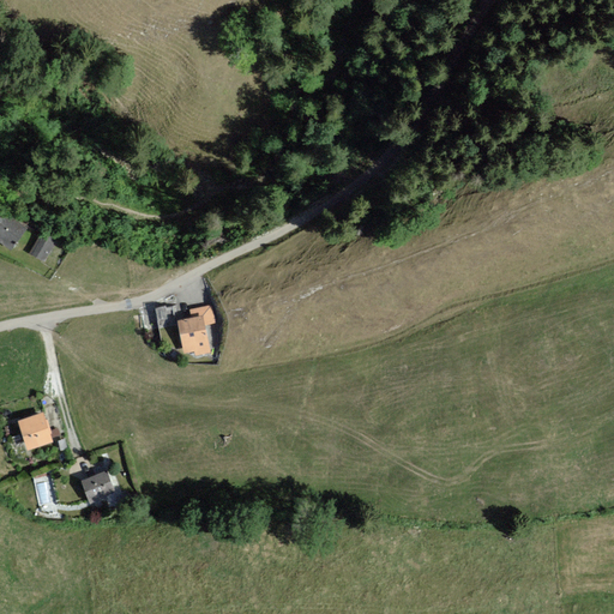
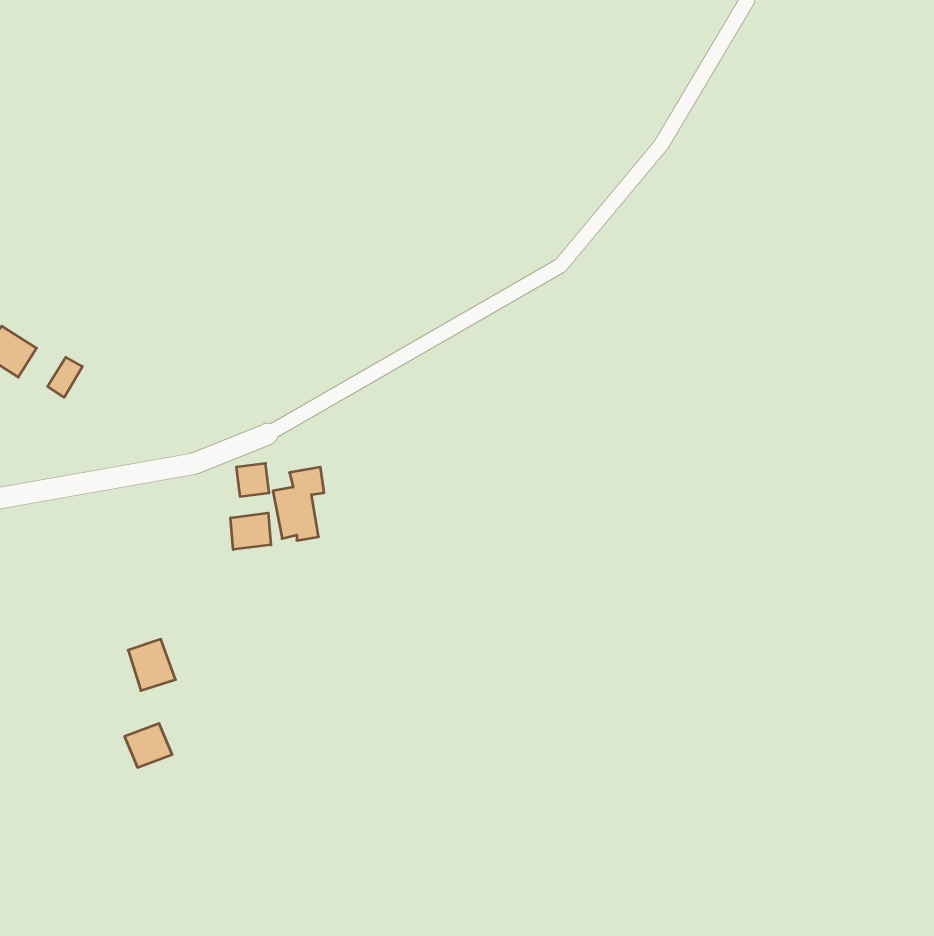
building: none -> [231,513,271,550]
building: [19,415,50,449] -> [128,639,176,691]

